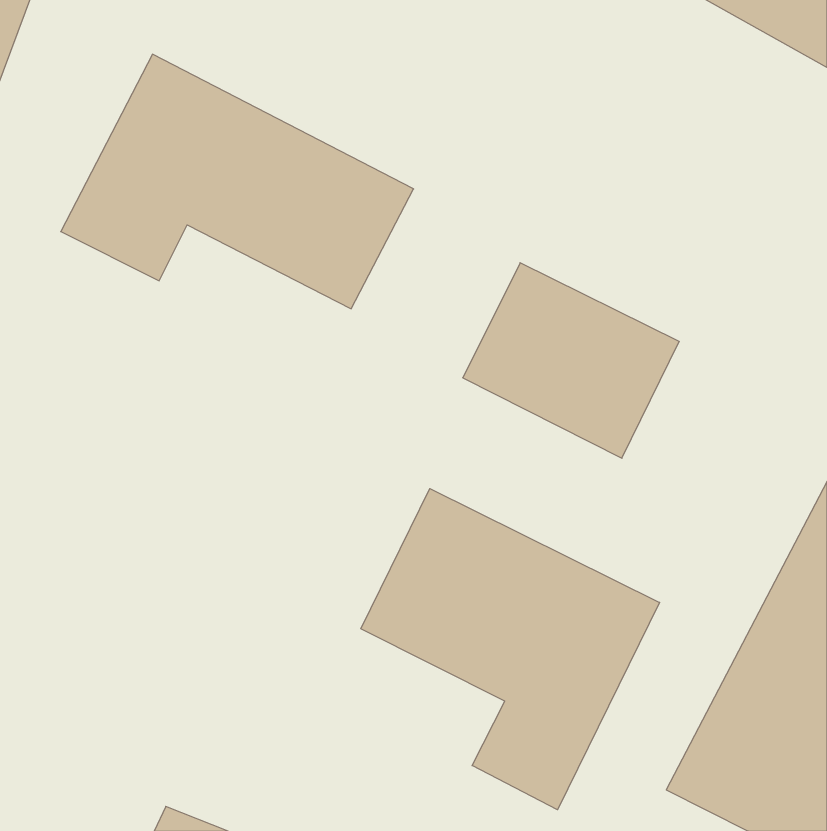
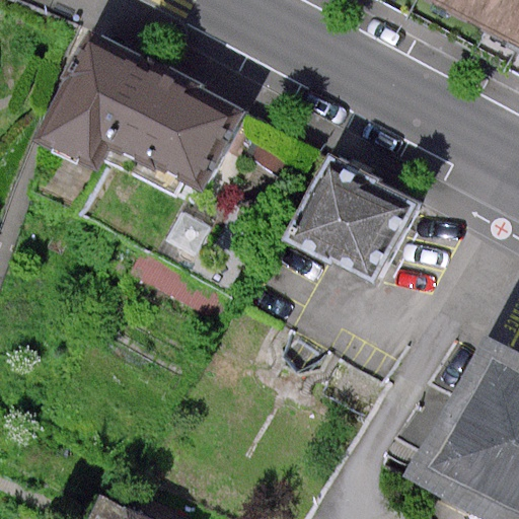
building: [361,489,660,810] -> none

